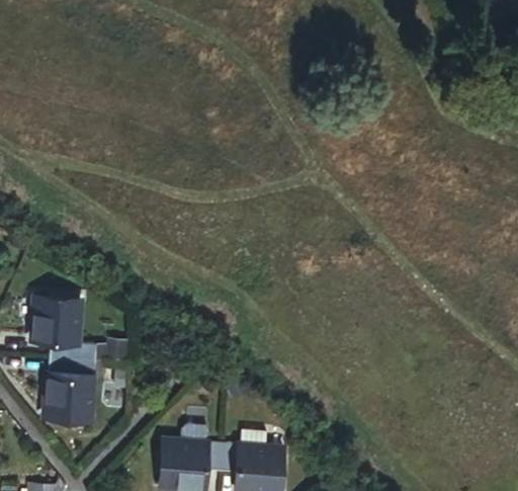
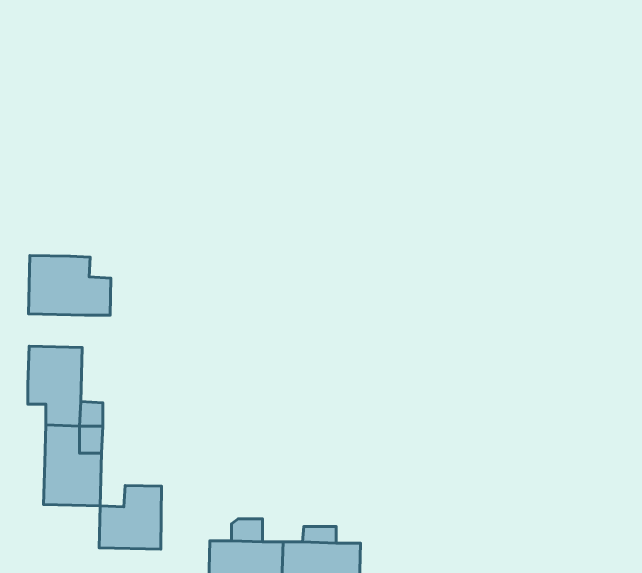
building: none -> [28,255,111,315]
building: none -> [99,486,162,549]

